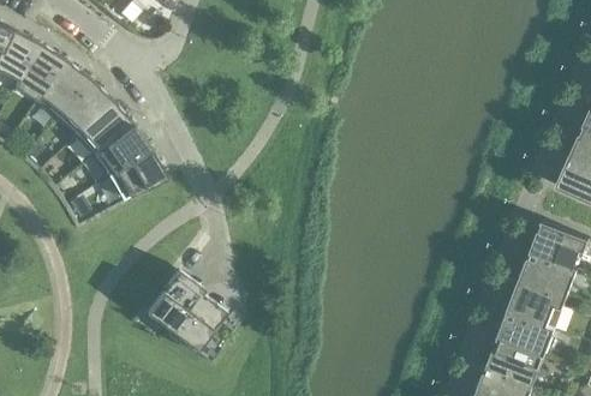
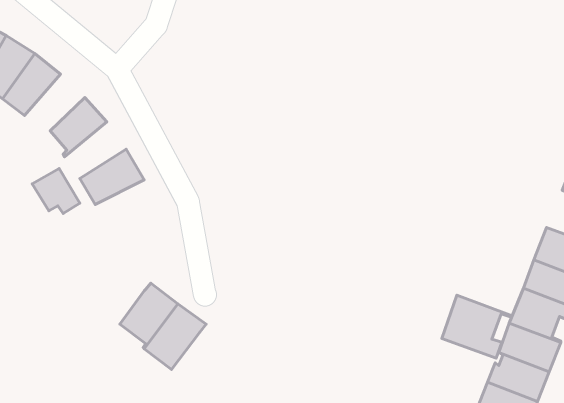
building: [55,79,112,132] -> none
building: [92,124,150,176] -> none
building: none -> [442,295,512,358]

